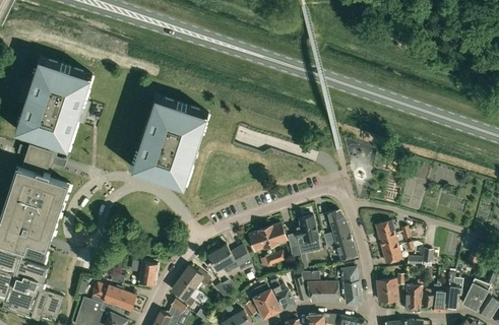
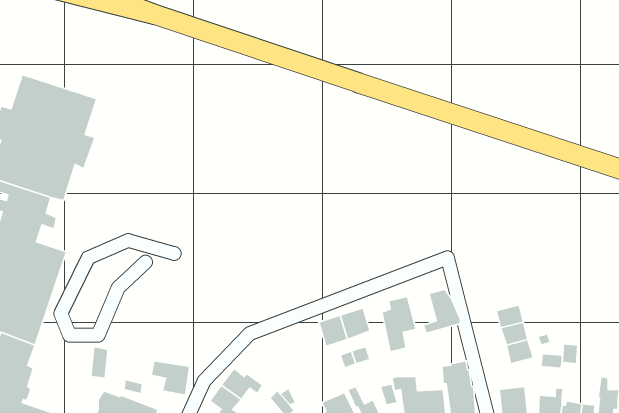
building: [131,96,208,186] -> none
building: [325,235,357,260] -> none
building: [207,245,253,271] -> none

